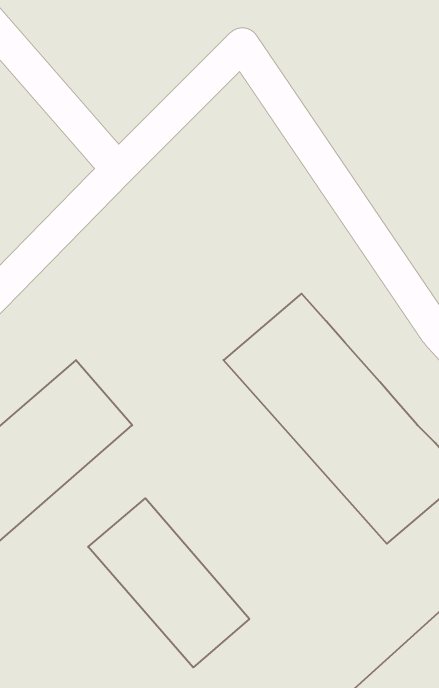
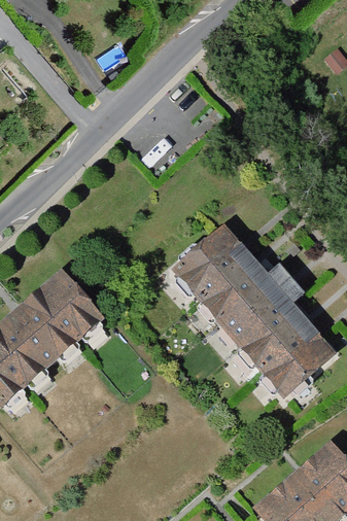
building: [88,498,249,667] -> none

